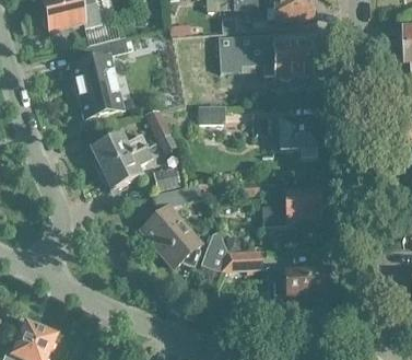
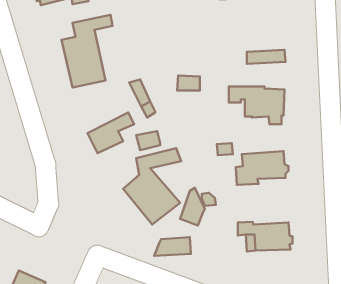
building: [219,33,310,74] -> none
building: [91,137,145,170] -> none
building: [222,251,262,271] -> [154,237,191,256]

